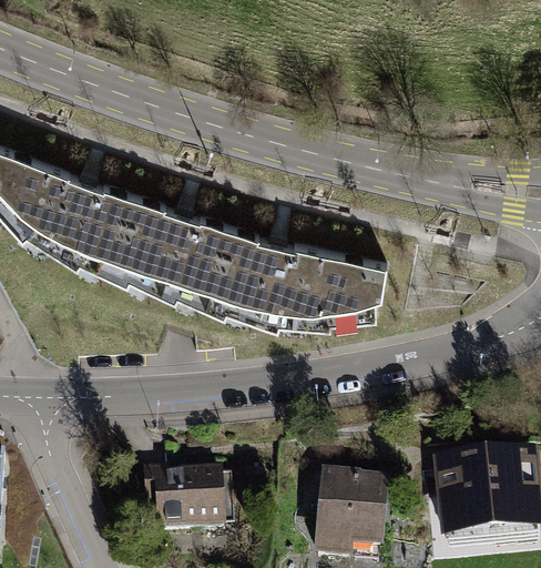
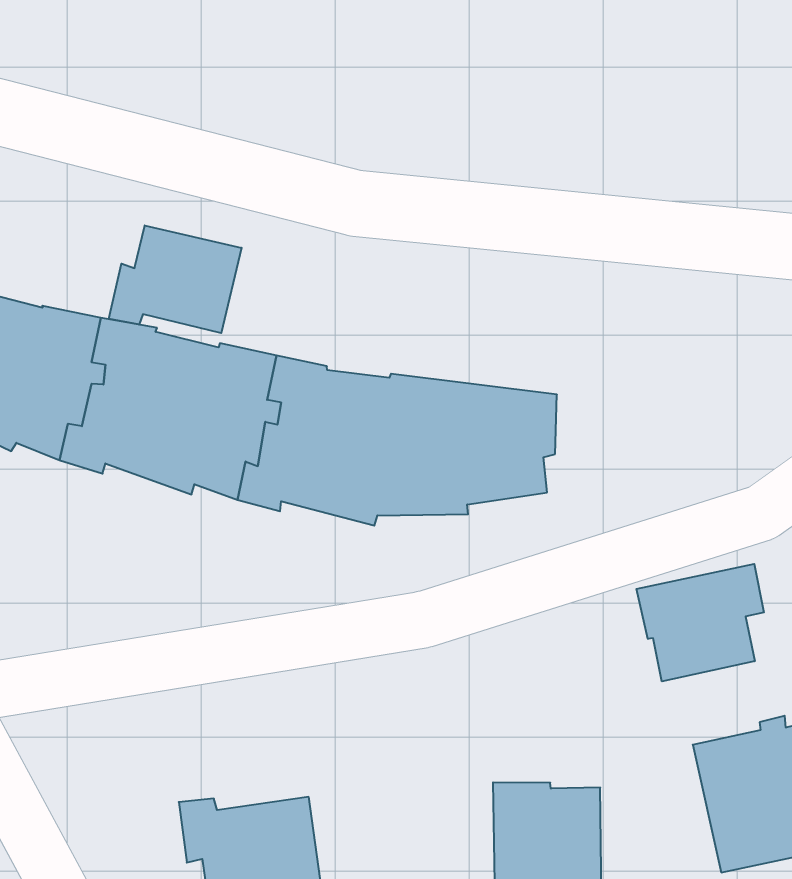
building: none -> [109,225,242,333]
building: none -> [636,564,764,681]

